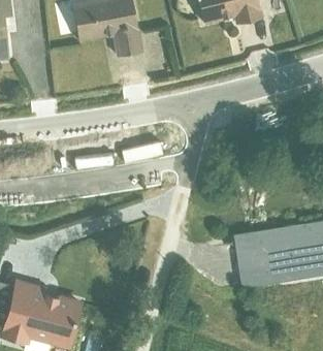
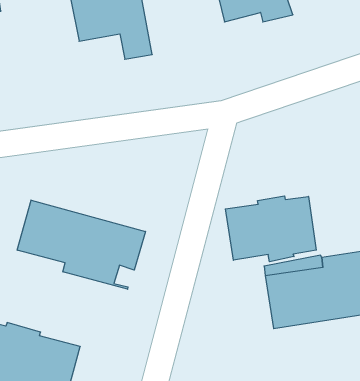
building: none -> [225,196,316,262]
building: none -> [17,200,145,289]

